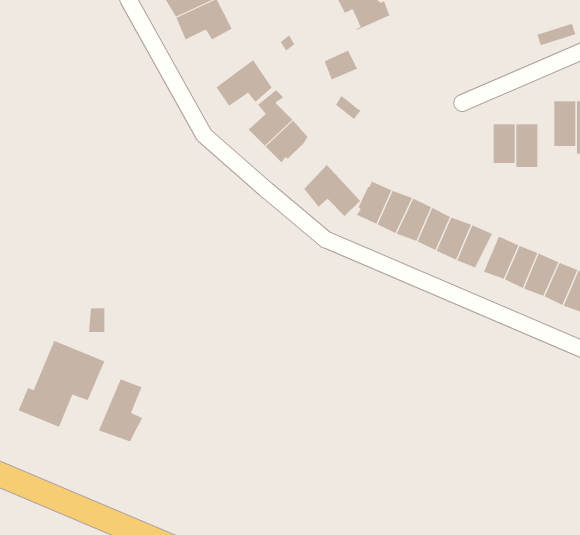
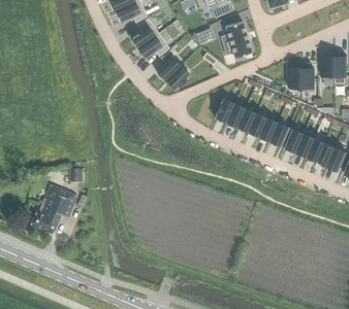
building: none -> [129,19,158,48]
building: none -> [220,22,251,60]
building: [303,164,361,217] -> none
building: [98,379,143,442] -> none

